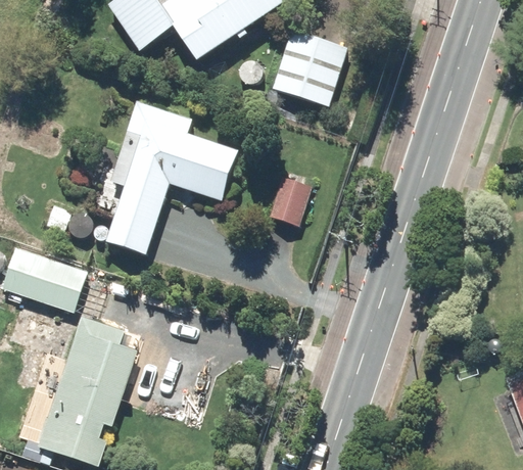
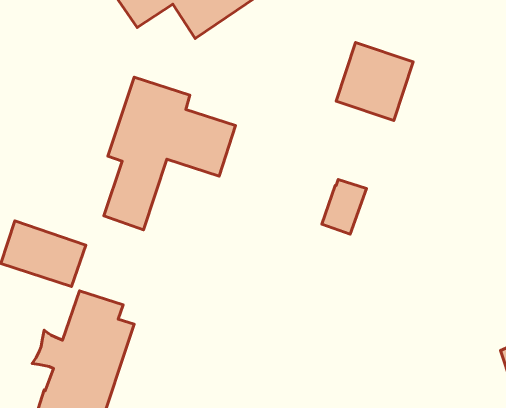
building: [271,28,348,106] -> [336,43,413,121]
building: [268,170,313,225] -> [322,180,366,234]

